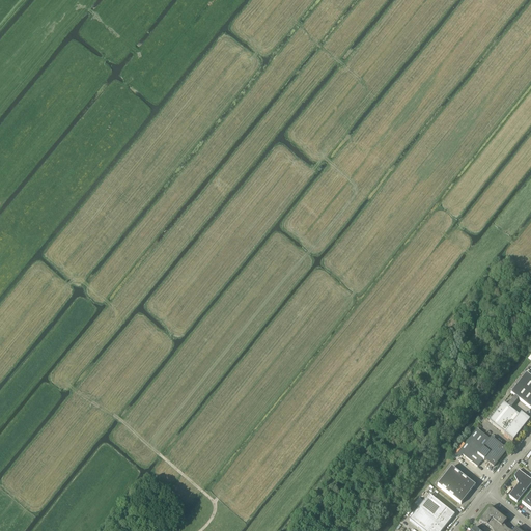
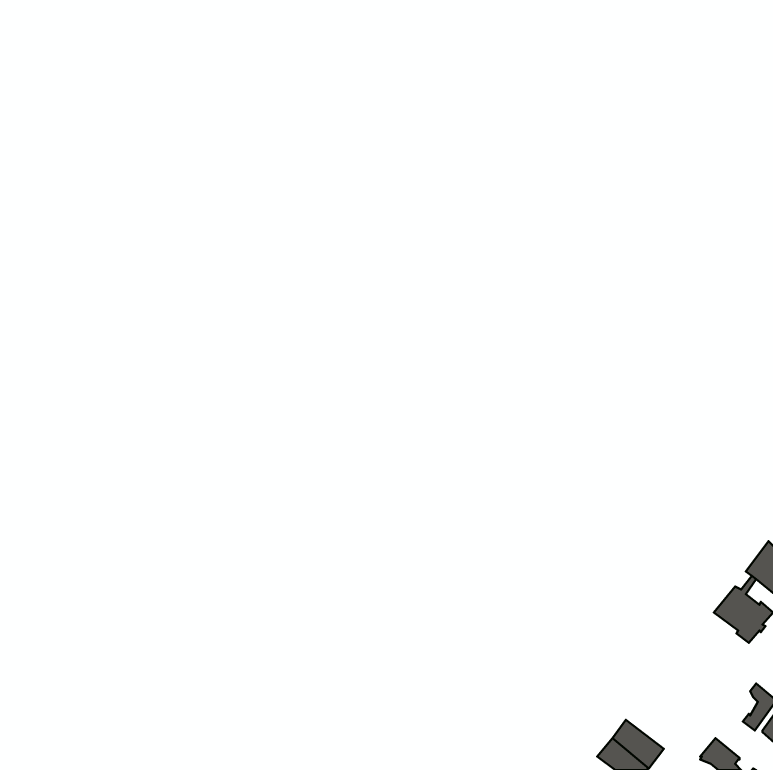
building: [463,429,507,465] -> none
building: [438,465,476,502] -> none

